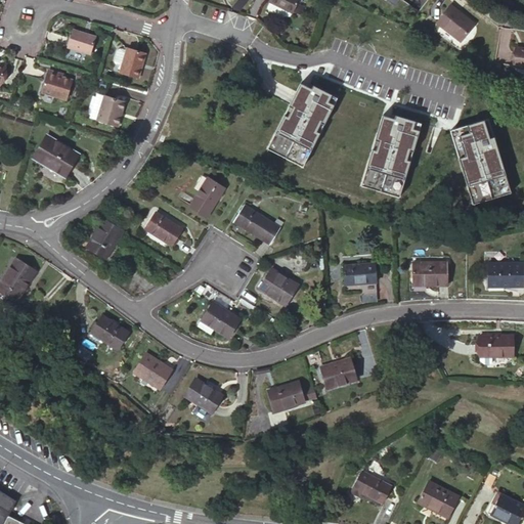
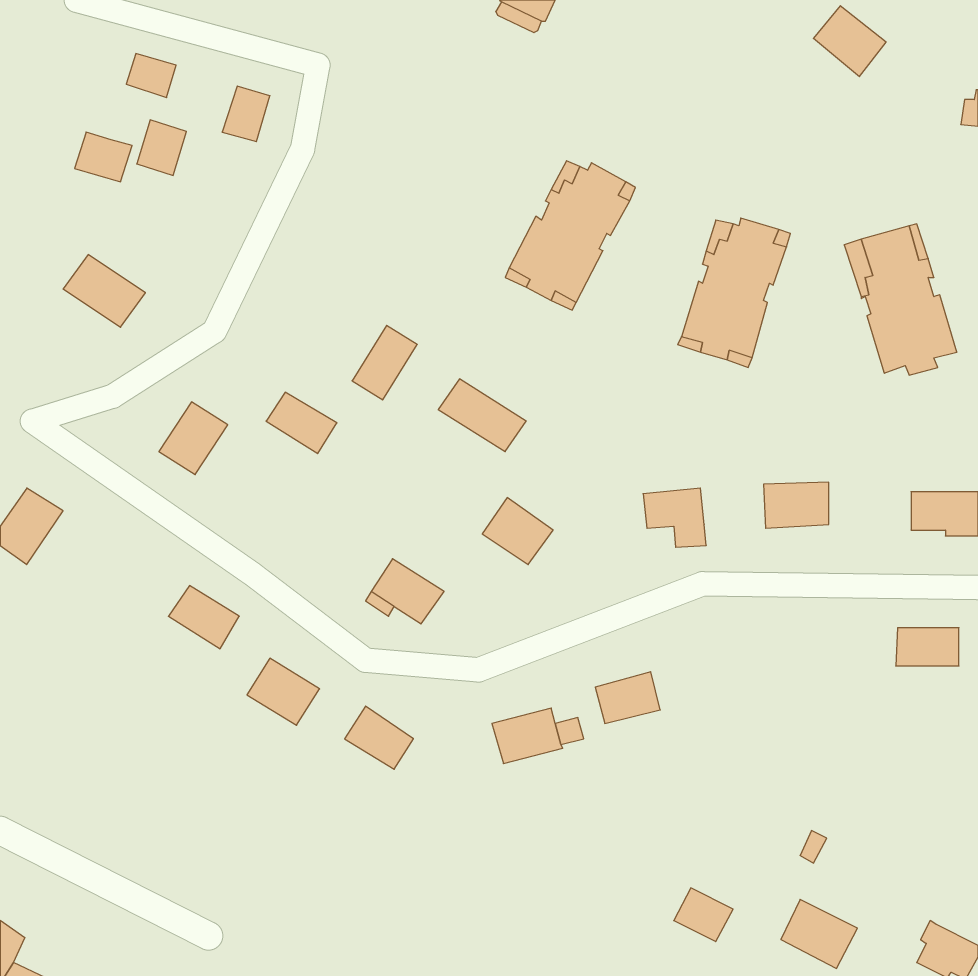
building: [96,94,123,124] -> [137,120,186,175]

